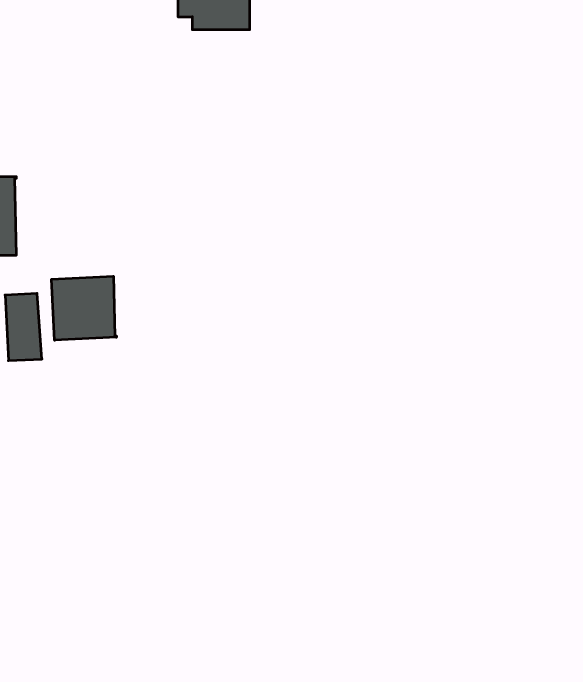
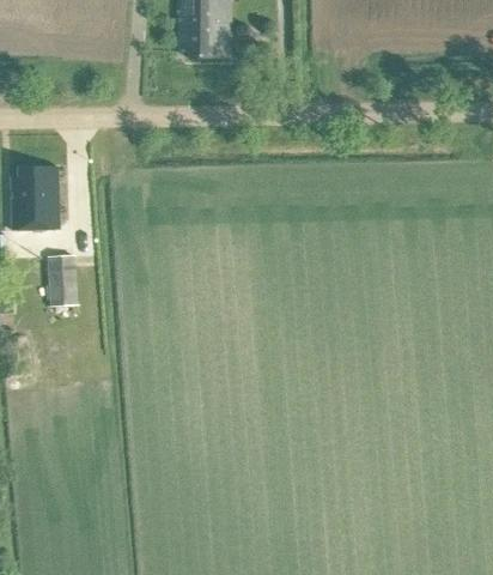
building: [52,276,116,340] -> none

